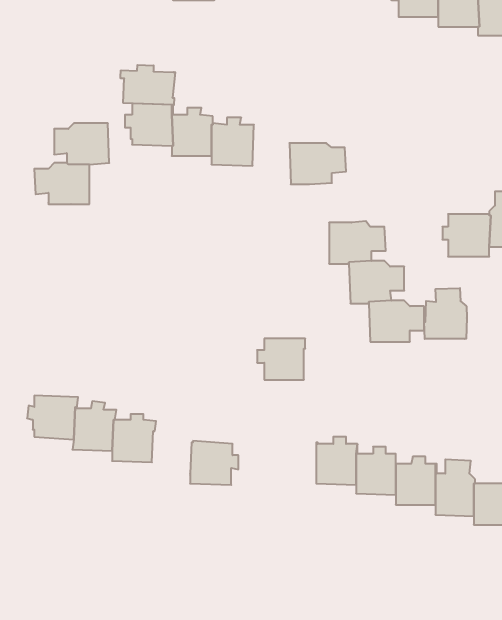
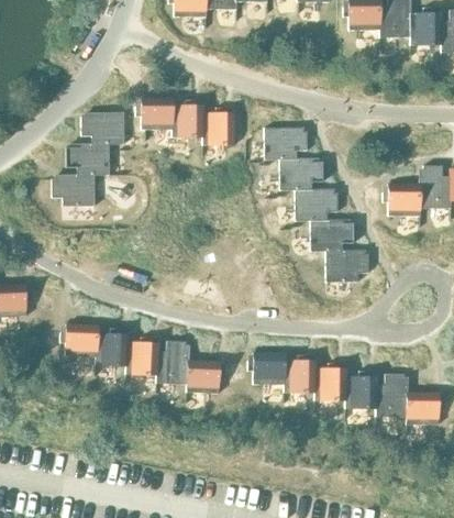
building: [121,65,175,105] -> none
building: none -> [279,157,322,189]
building: none -> [52,173,95,205]
building: [424,288,467,339] -> none
building: [257,339,305,380] -> [248,351,286,383]
building: none -> [156,339,189,383]

